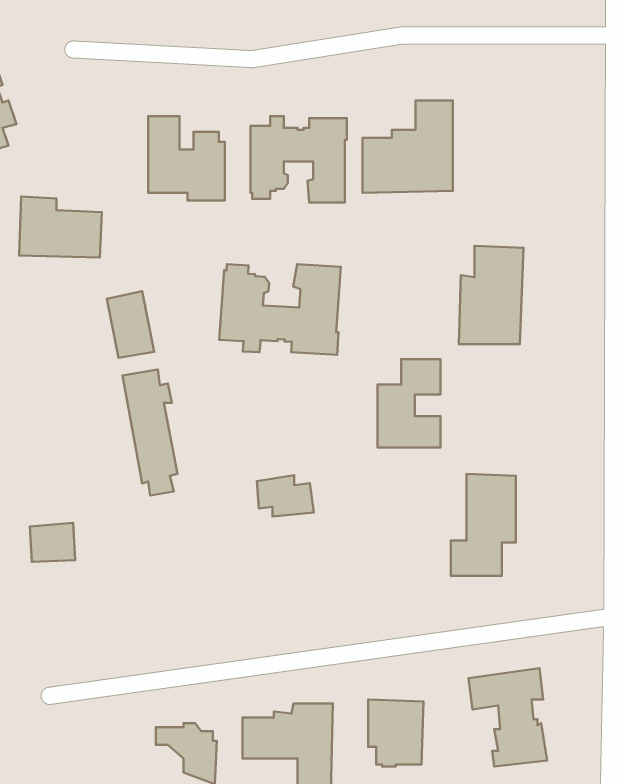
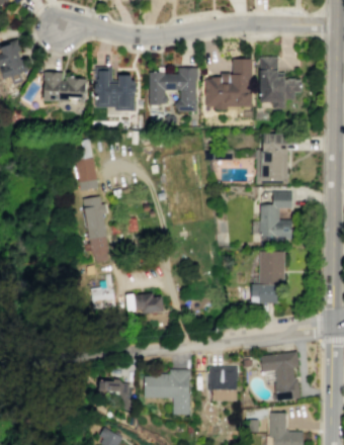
building: none -> [259,57,302,109]
building: [19,197,102,257] -> [44,72,86,103]
building: [219,264,341,355] -> none
building: [378,359,440,447] -> [259,190,291,236]
building: [257,475,314,517] -> [134,293,163,315]
building: [30,523,75,562] -> [91,288,114,308]

